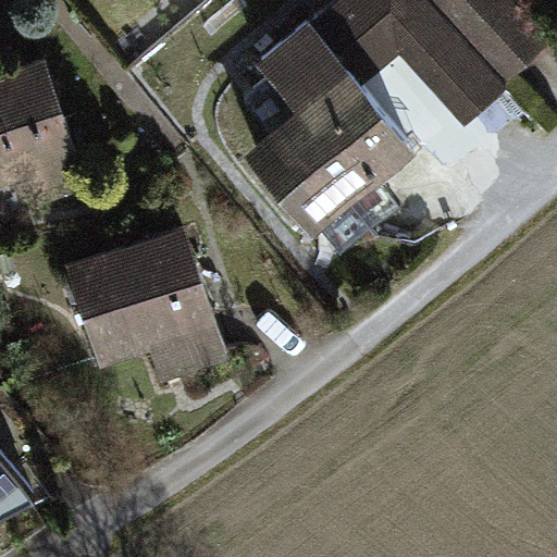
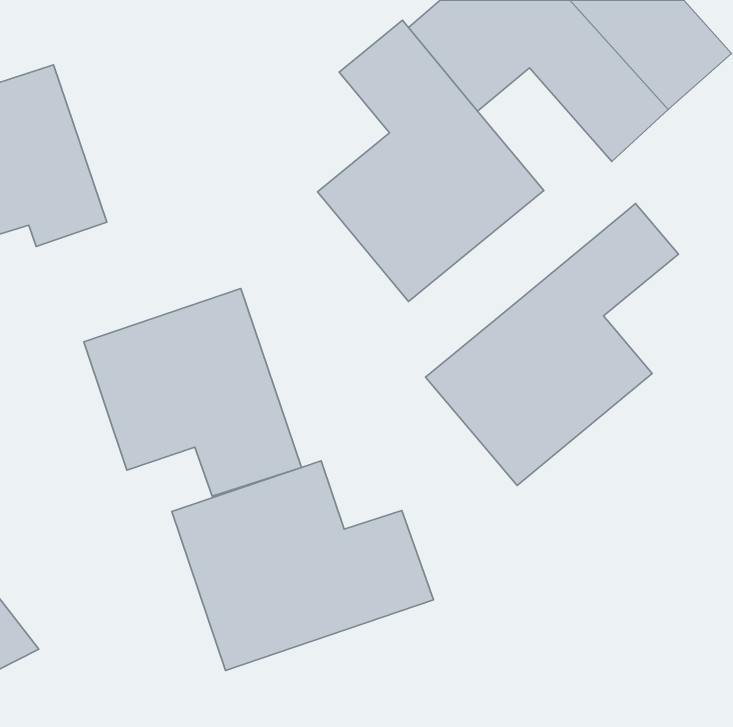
building: none -> [426,203,678,486]
building: none -> [172,461,434,670]

